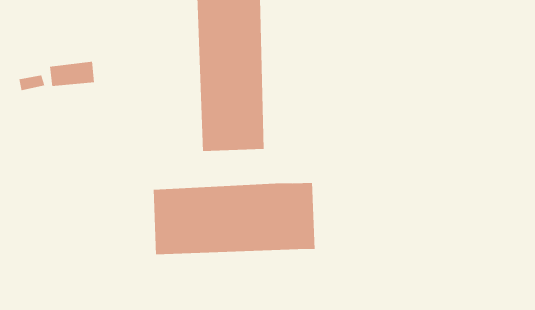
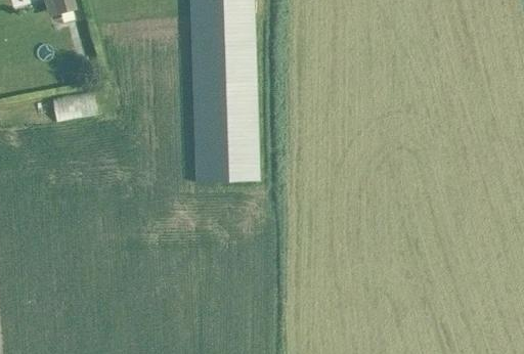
building: [153,182,315,255] -> none

